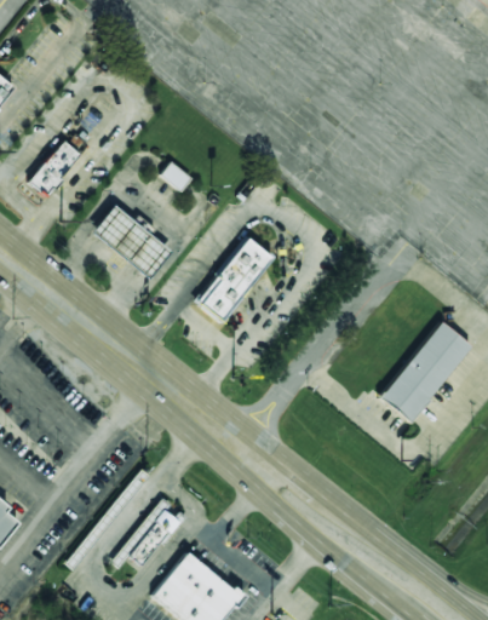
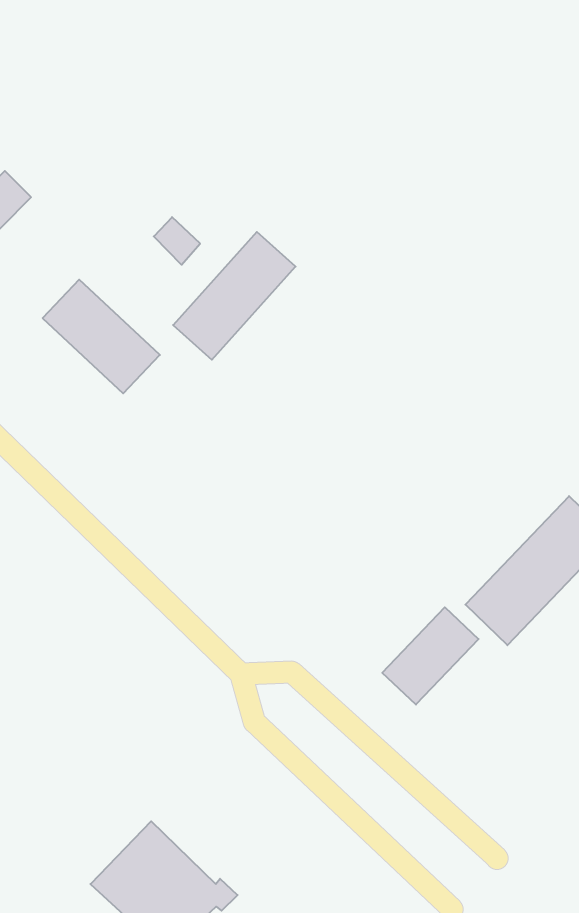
building: [199,236,275,321] -> [173,232,296,360]
building: none -> [382,607,479,705]
building: [114,495,183,567] -> none

